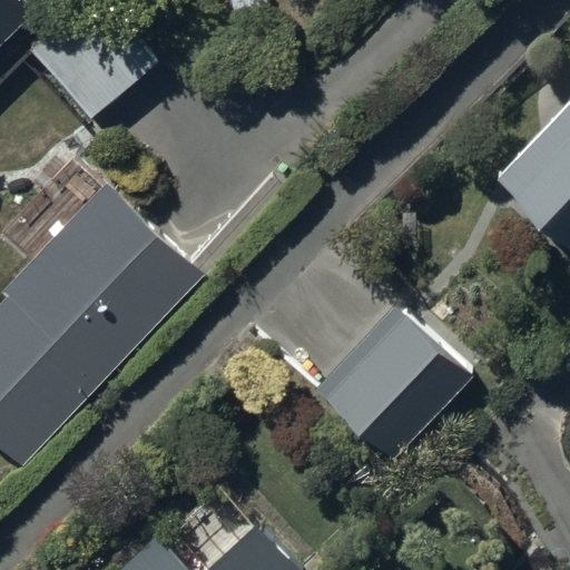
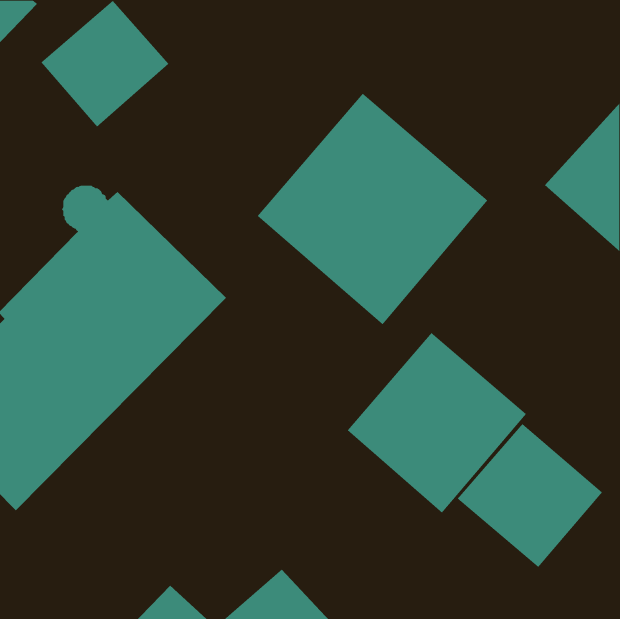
building: none -> [257,93,488,325]
building: none -> [457,423,603,568]

